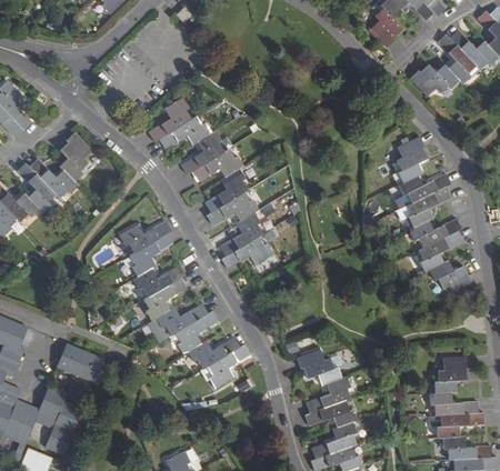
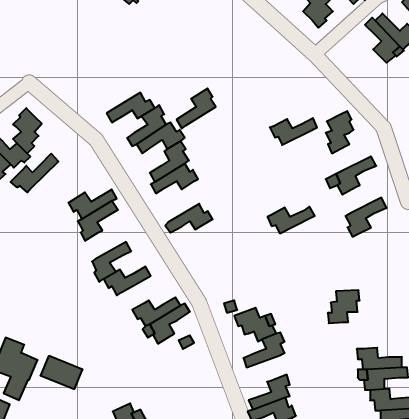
building: [409,66,458,97] -> none
building: [149,99,191,142] -> [177,88,216,129]
building: [398,173,449,202] -> [270,118,317,145]
building: none -> [11,154,58,192]
building: [220,212,262,257] -> none
building: [409,218,460,247] -> [267,207,315,233]
building: [429,260,476,295] -> none
building: [132,265,183,297] -> none
building: [176,311,217,353] -> none
building: [58,341,103,377] -> [40,356,83,389]
building: [434,358,469,393] -> [328,290,360,323]
building: [306,400,358,428] -> none

